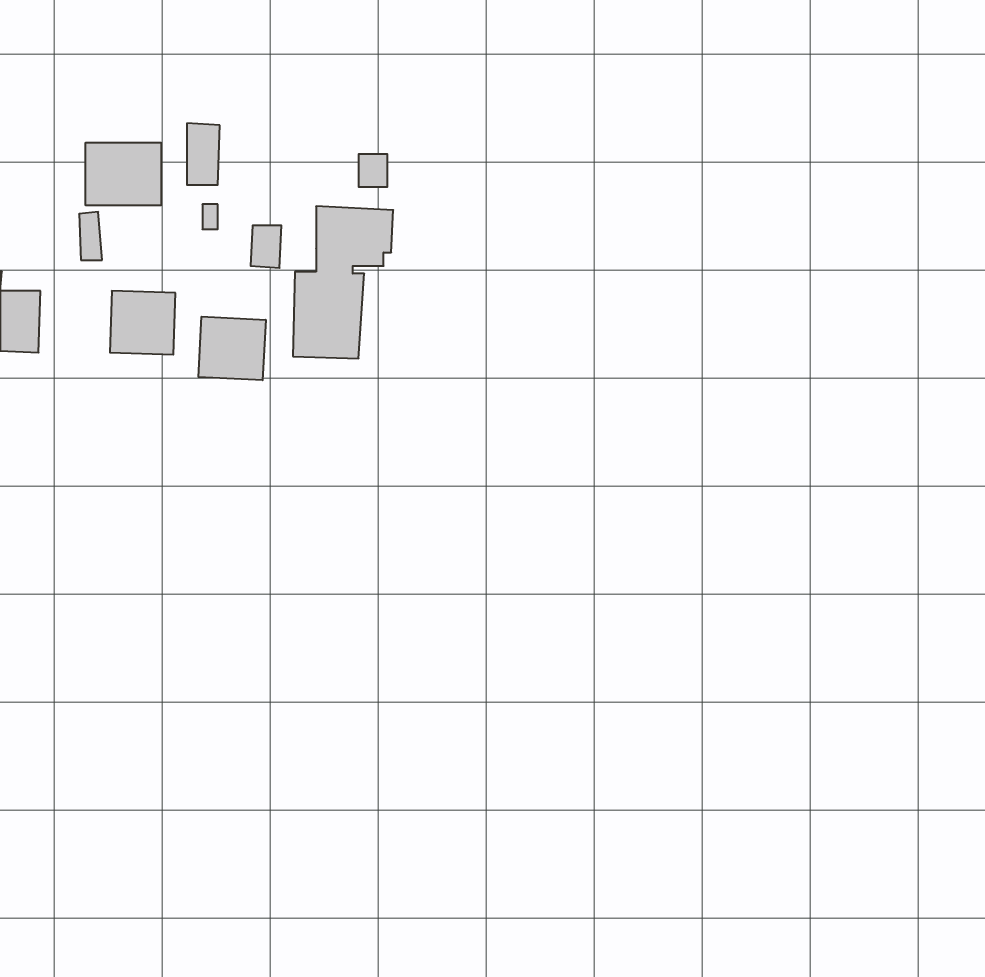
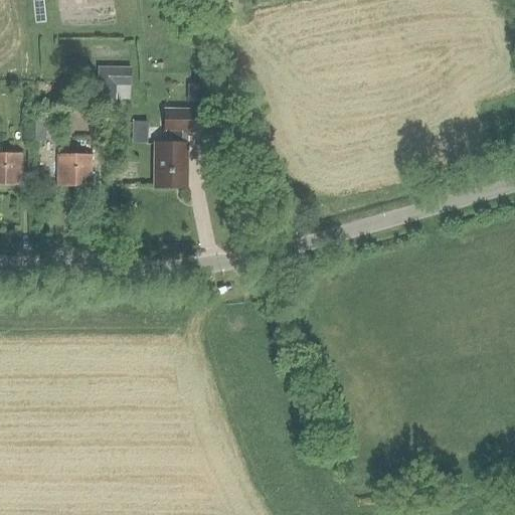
building: [86,143,161,205] -> none
building: [199,317,266,380] -> none

